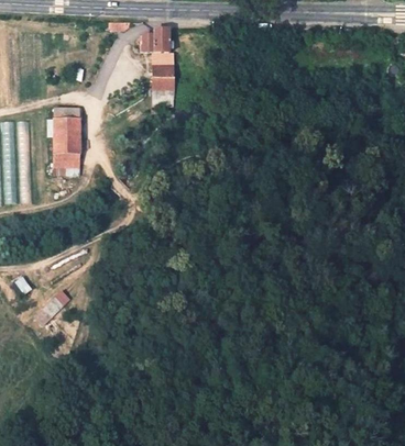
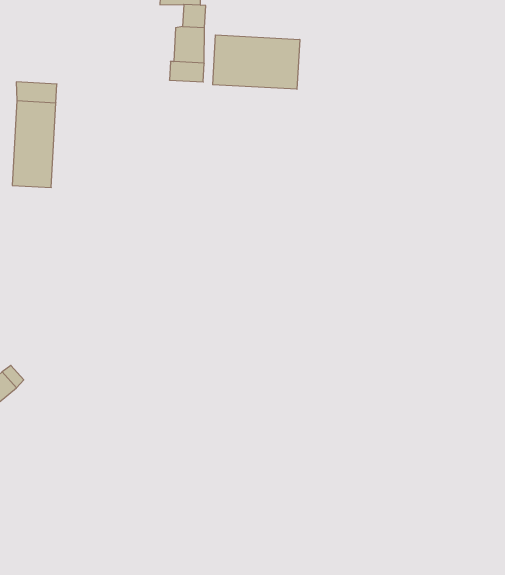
building: none -> [213,35,300,89]

